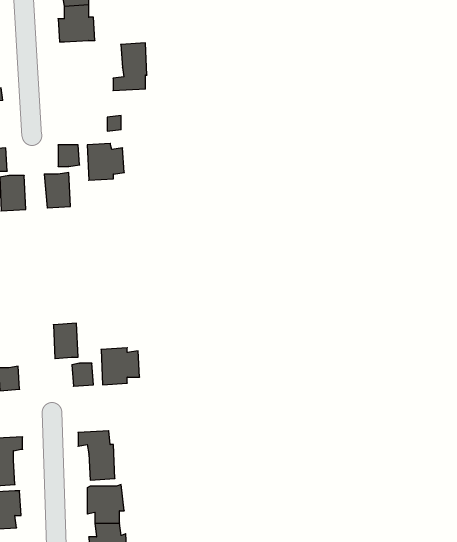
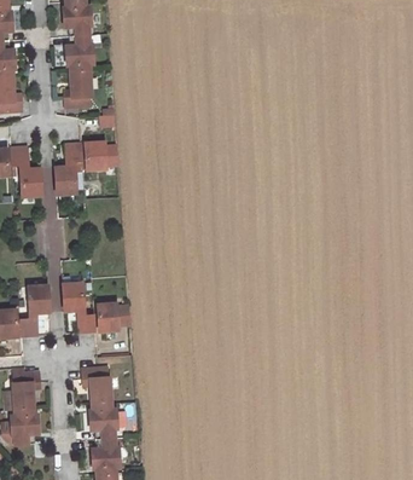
building: [113,43,147,91] -> [65,69,92,106]
building: none -> [27,287,48,314]

